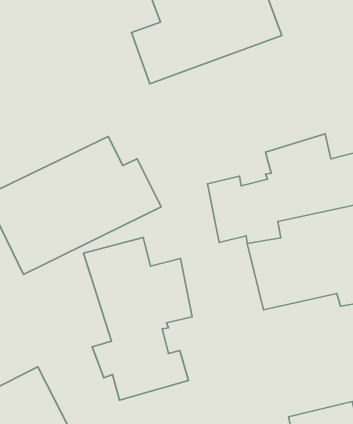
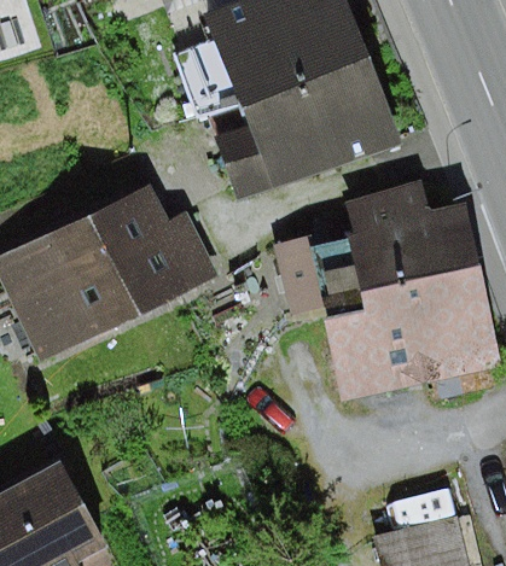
building: none -> [217,57,399,199]
building: [84,238,192,400] -> none

